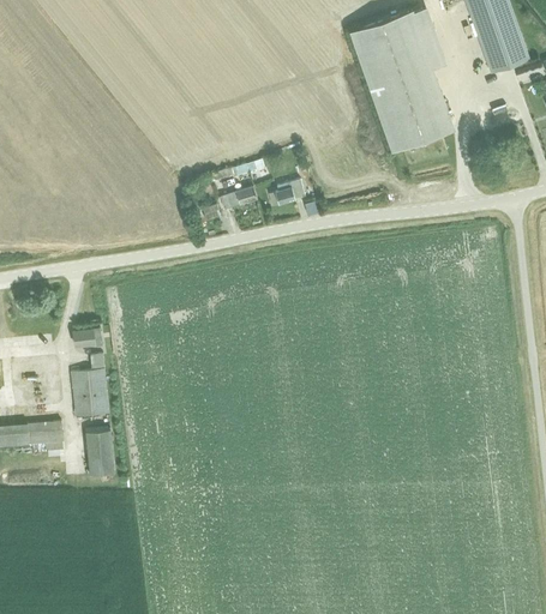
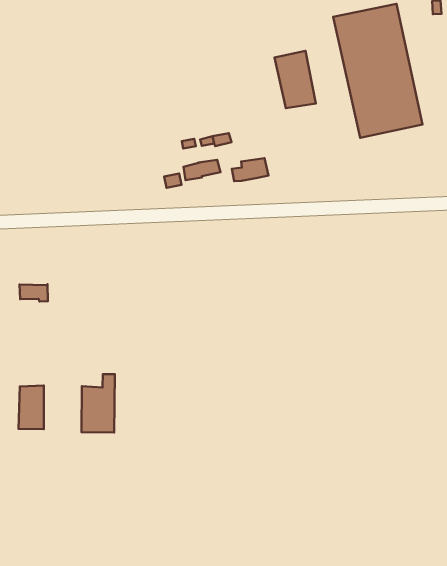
building: none -> [274,51,316,108]
building: [71,355,108,416] -> [81,374,115,432]

